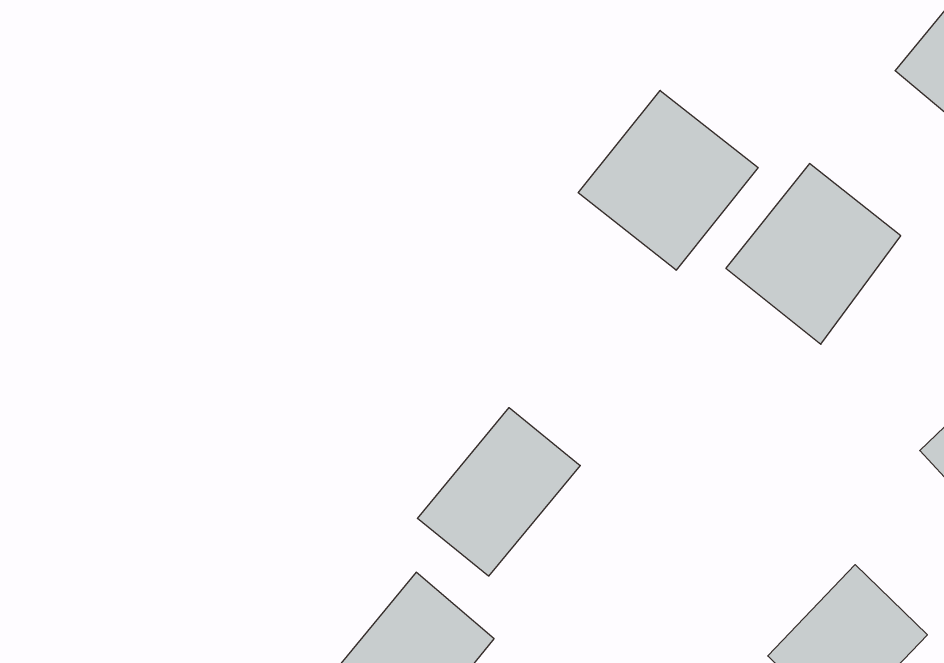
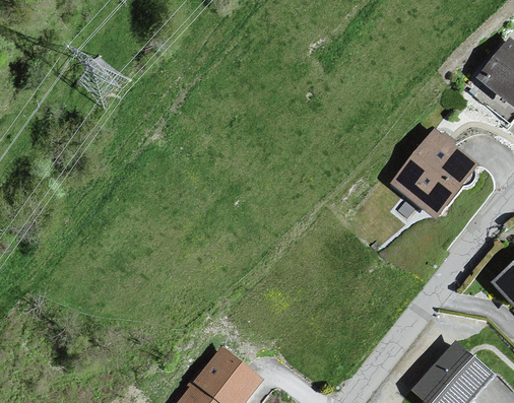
building: [578,90,758,270] -> none
building: [417,408,580,576] -> none

